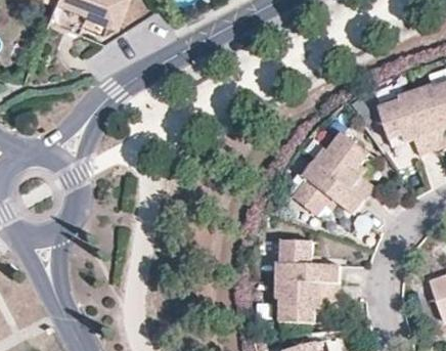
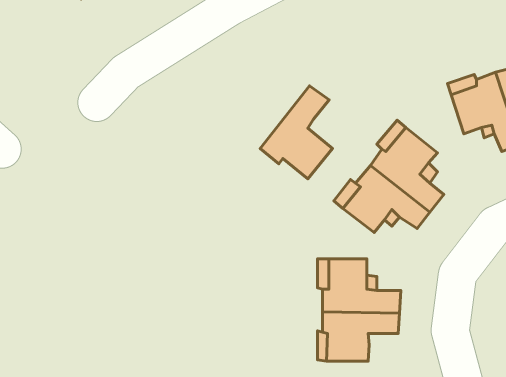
building: none -> [260,86,333,179]

